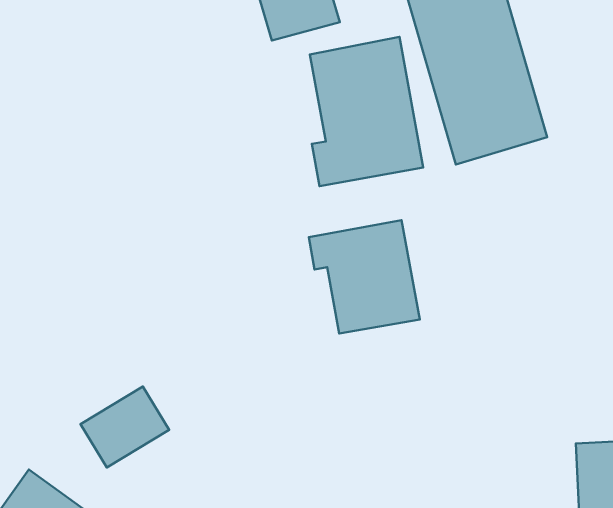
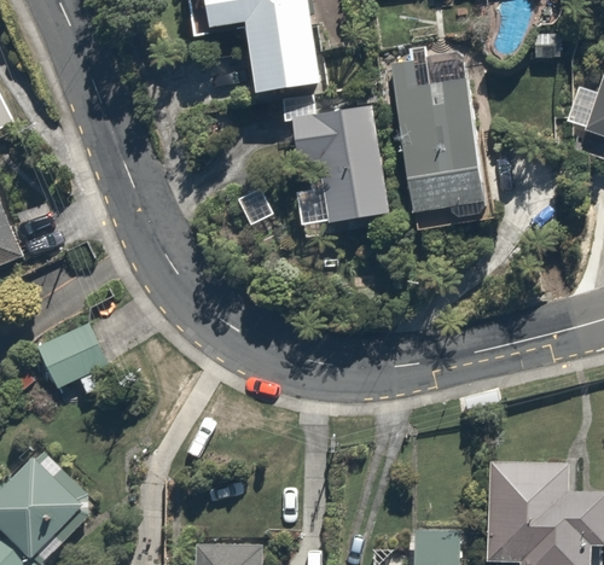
building: [309,220,420,333] -> none
building: [80,386,169,468] -> [31,322,106,389]

